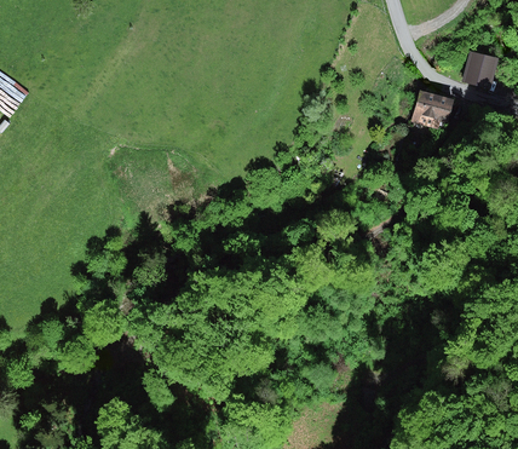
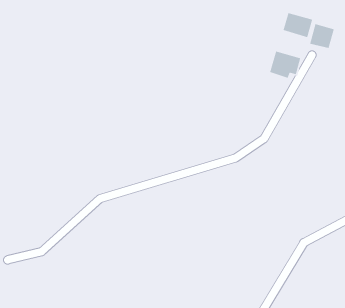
building: none -> [283,12,313,38]

